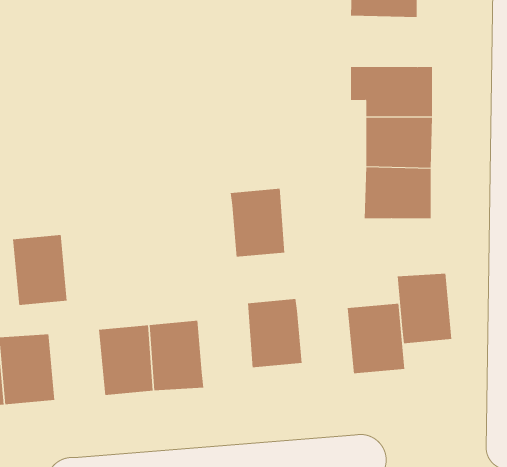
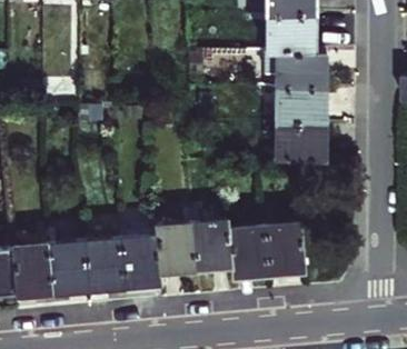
building: none -> [266,17,315,53]
building: [230,188,285,257] -> [155,225,195,275]
building: [12,235,68,305] -> [48,243,88,295]
building: [397,273,452,344] -> [228,228,268,279]

